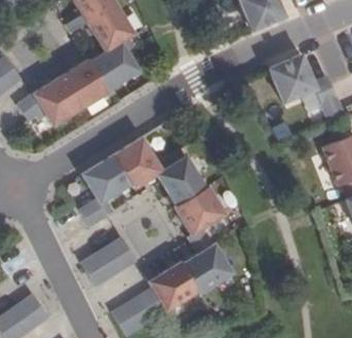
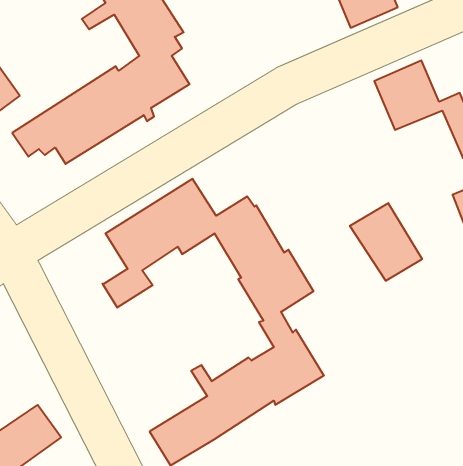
building: none -> [350,203,422,281]
building: [81,235,136,286] -> none

